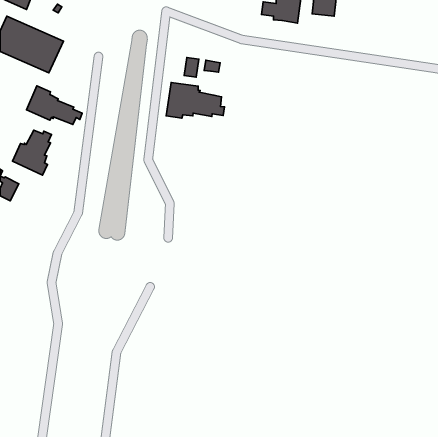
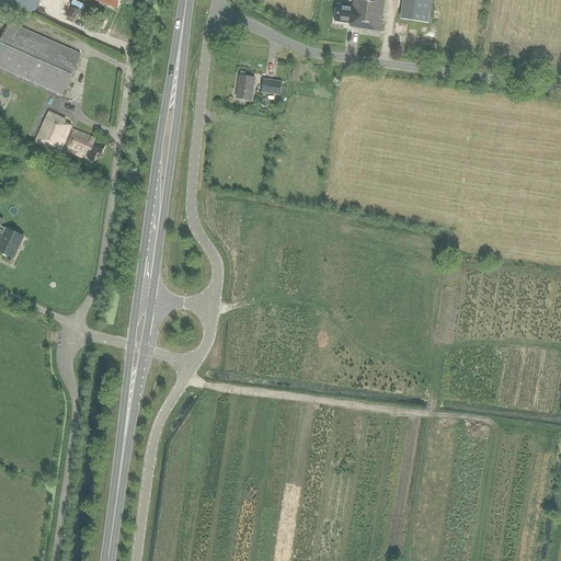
building: [166,82,224,118] -> none
building: [12,130,51,175] -> none

